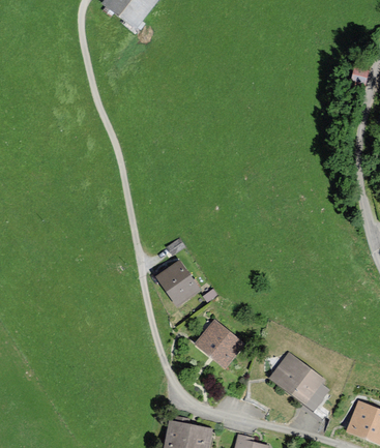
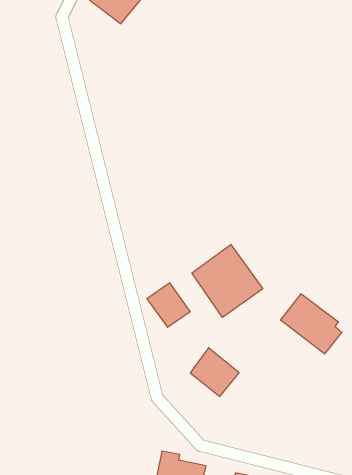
building: none -> [192,244,263,317]
building: [270,354,326,409] -> [280,294,342,354]

